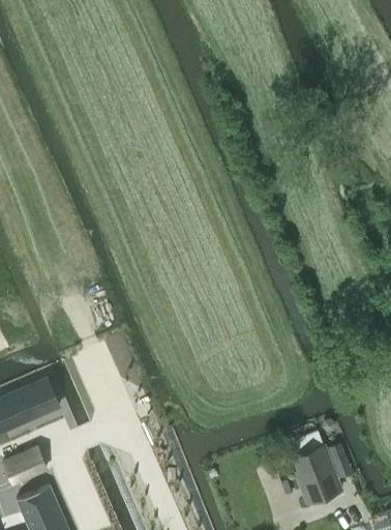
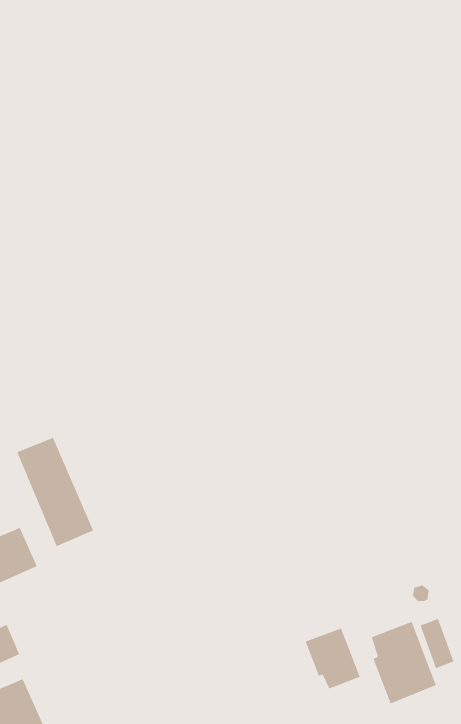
building: none -> [16,437,94,547]
building: none -> [304,627,361,689]

